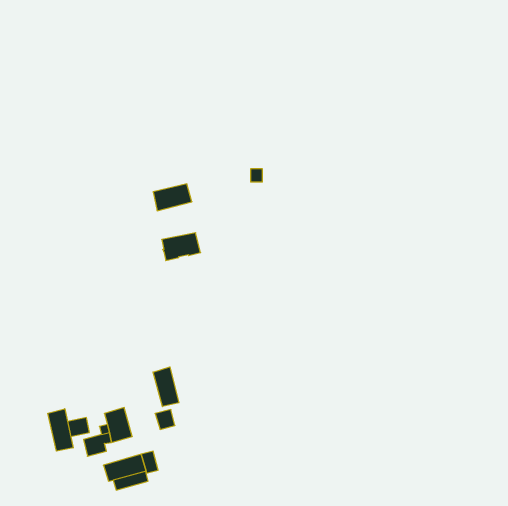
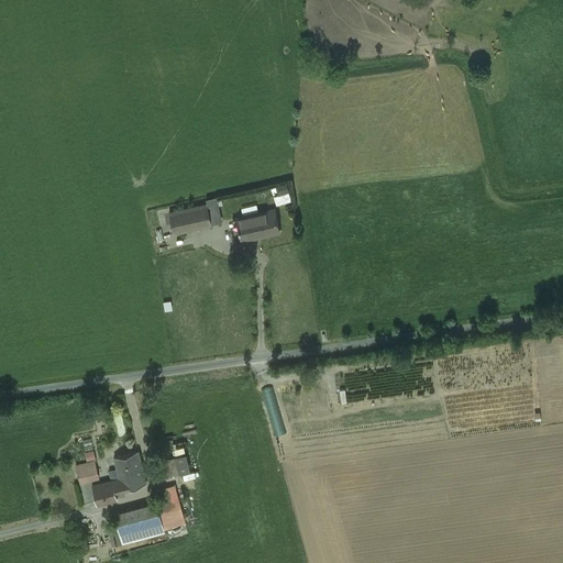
building: [162,233,201,261] -> [238,212,280,243]
building: [153,367,179,407] -> none
building: [48,409,73,451] -> none

